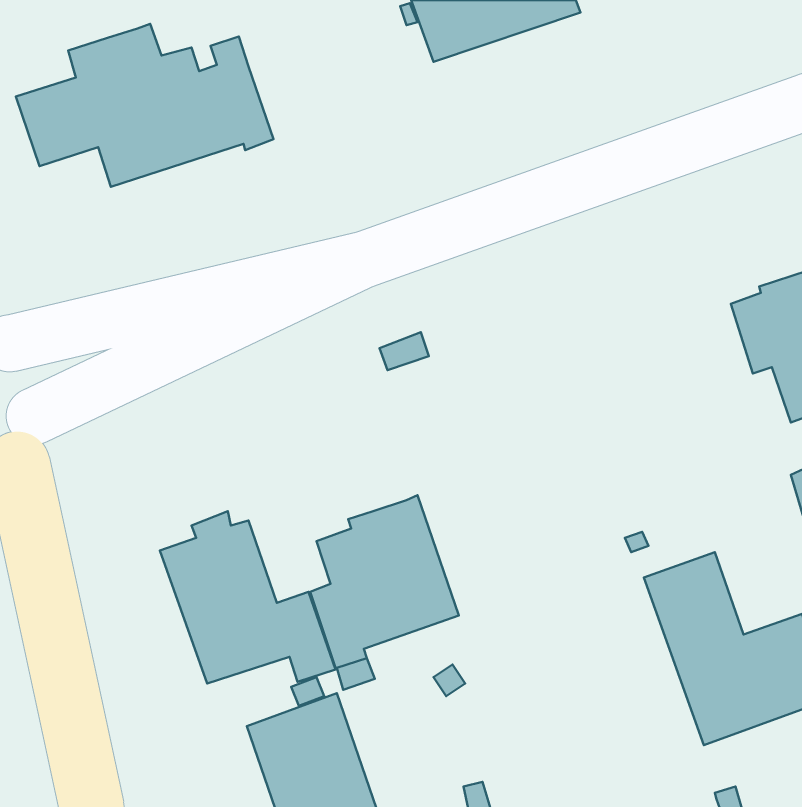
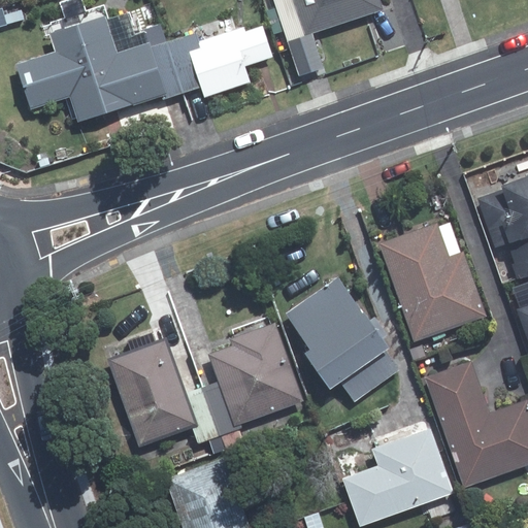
building: none -> [166,27,272,98]
building: none -> [381,224,487,342]
building: none -> [284,272,399,398]
building: none -> [341,423,453,522]

